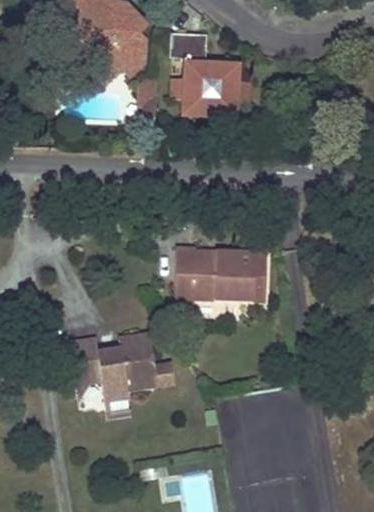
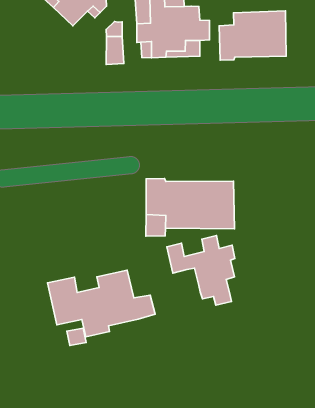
building: none -> [219,11,286,60]
building: none -> [167,235,235,305]

